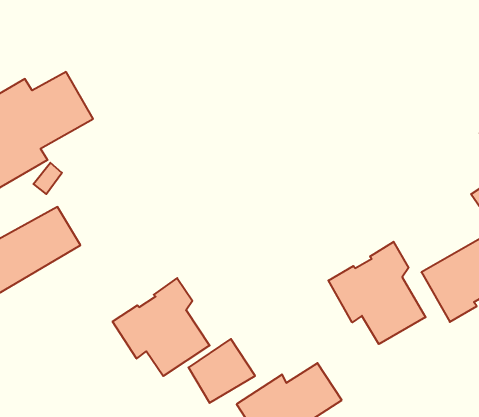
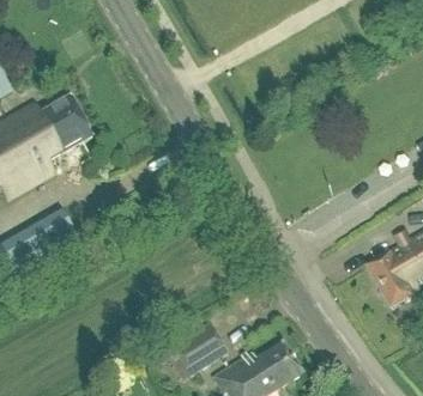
building: [328,242,426,344] -> none
building: [113,278,210,376] -> none

